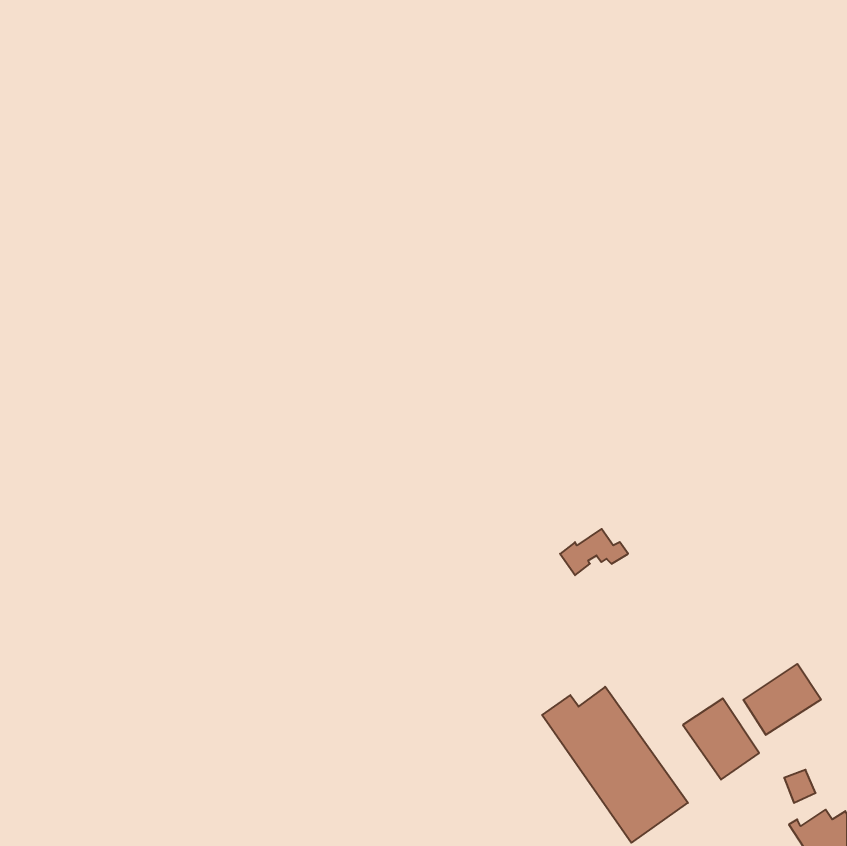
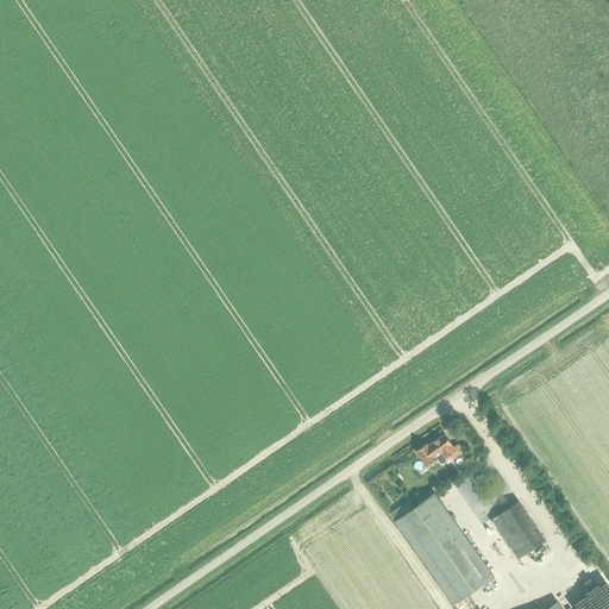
building: [560,529,628,575] -> [415,435,464,469]
building: [743,664,821,735] -> none

